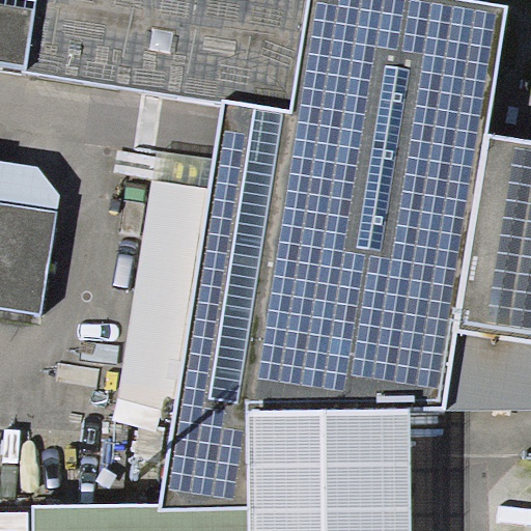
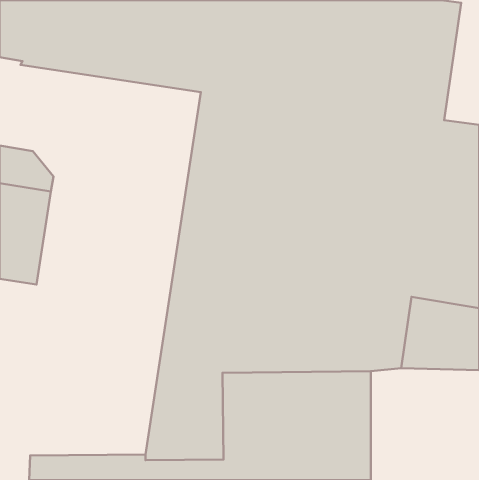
building: [123,196,199,431] -> none

